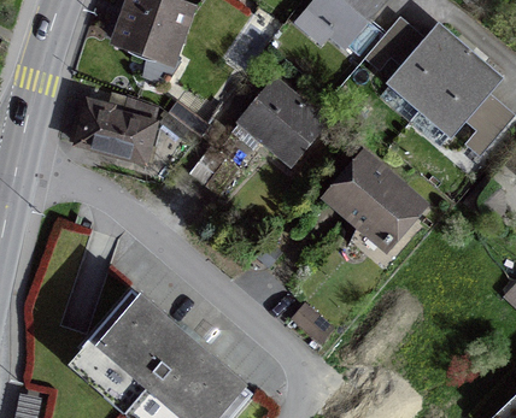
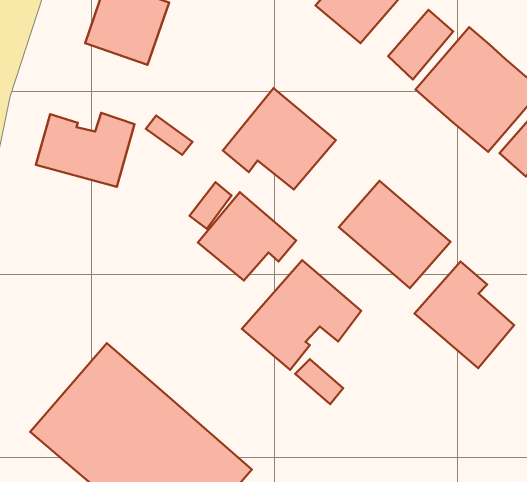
building: none -> [198,192,296,281]
building: none -> [242,260,361,370]
building: none -> [415,262,514,368]

